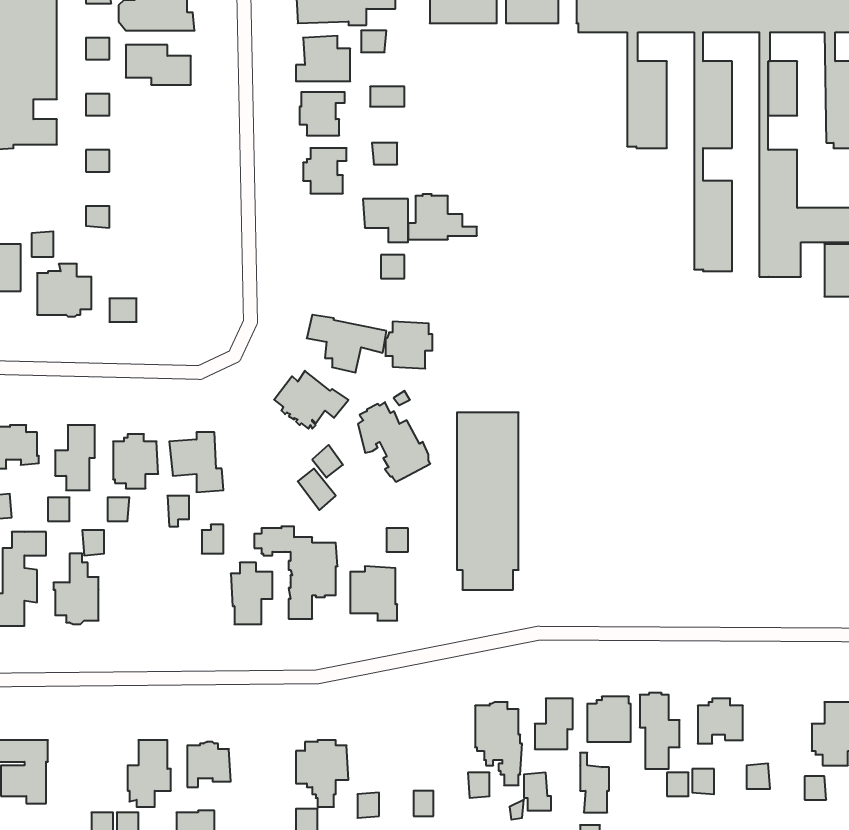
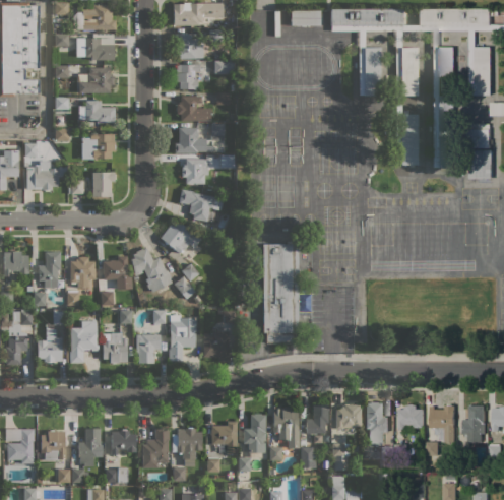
building: none -> [78,67,114,92]
building: none -> [78,100,115,123]
building: [408,194,477,239] -> [175,127,213,152]
building: none -> [81,133,115,159]
building: none -> [91,171,116,198]
building: [385,322,432,369] -> [182,158,208,184]
building: [358,402,430,482] -> [131,247,172,292]
building: none -> [67,313,99,362]
building: none -> [103,332,127,362]
building: none -> [430,405,455,442]
building: none -> [244,413,265,452]
building: none -> [210,421,237,453]
building: none -> [142,428,169,467]
building: none -> [41,431,65,459]

